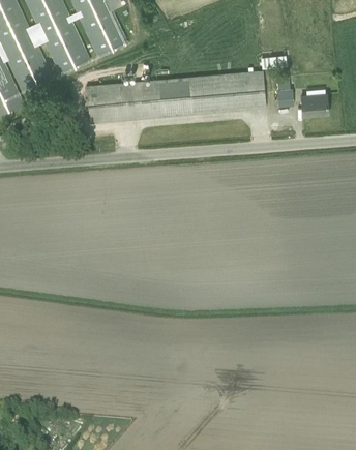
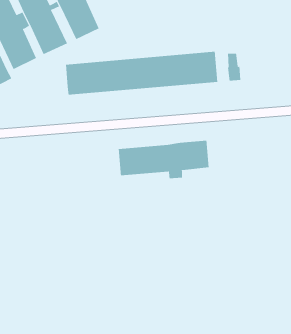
building: [301,93,328,116] -> none
building: none -> [118,140,209,179]

